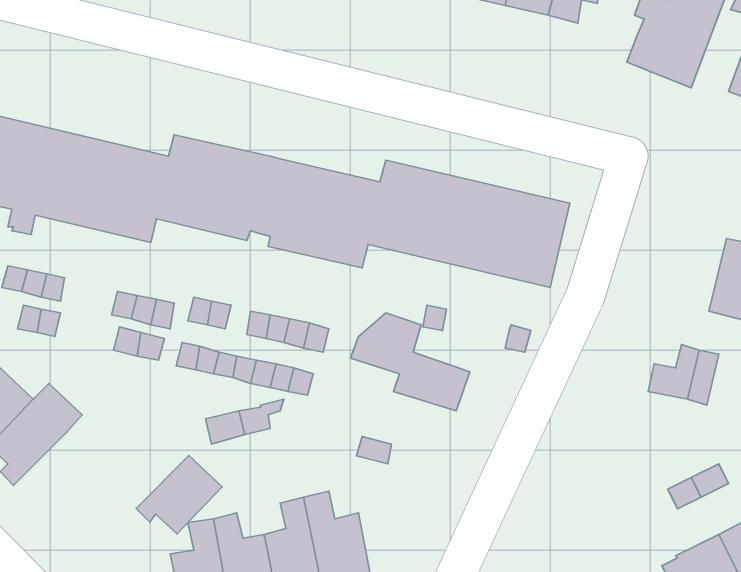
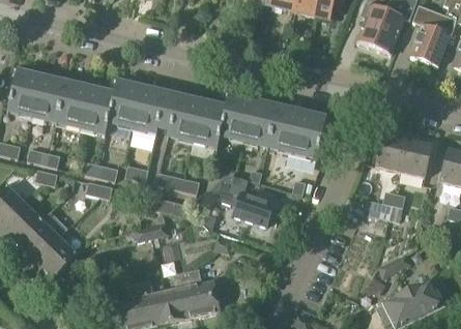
building: none -> [375,130,409,172]
building: [136,455,222,534] -> [32,236,78,277]

